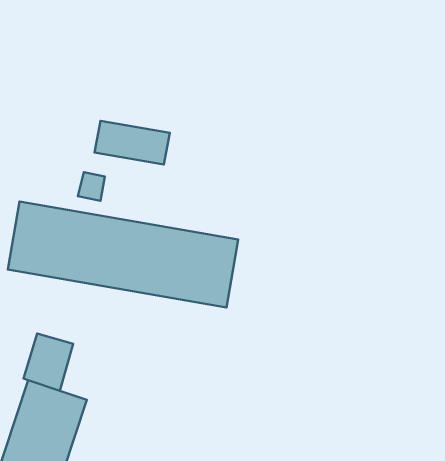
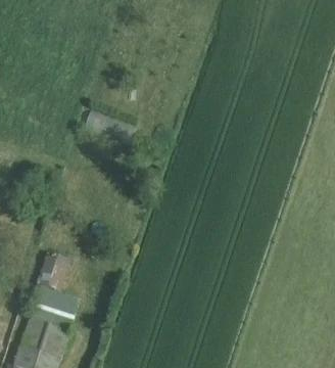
building: [8,202,238,307] -> none

